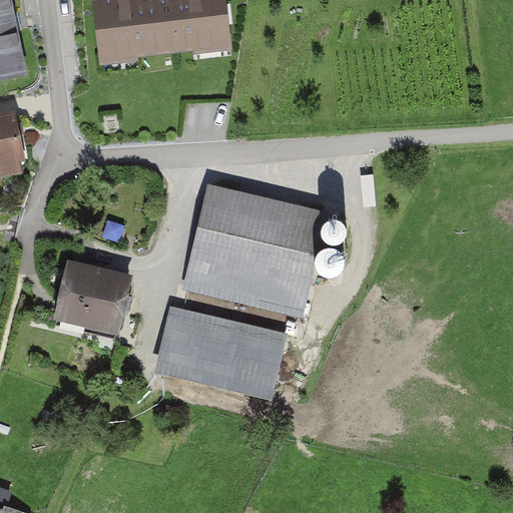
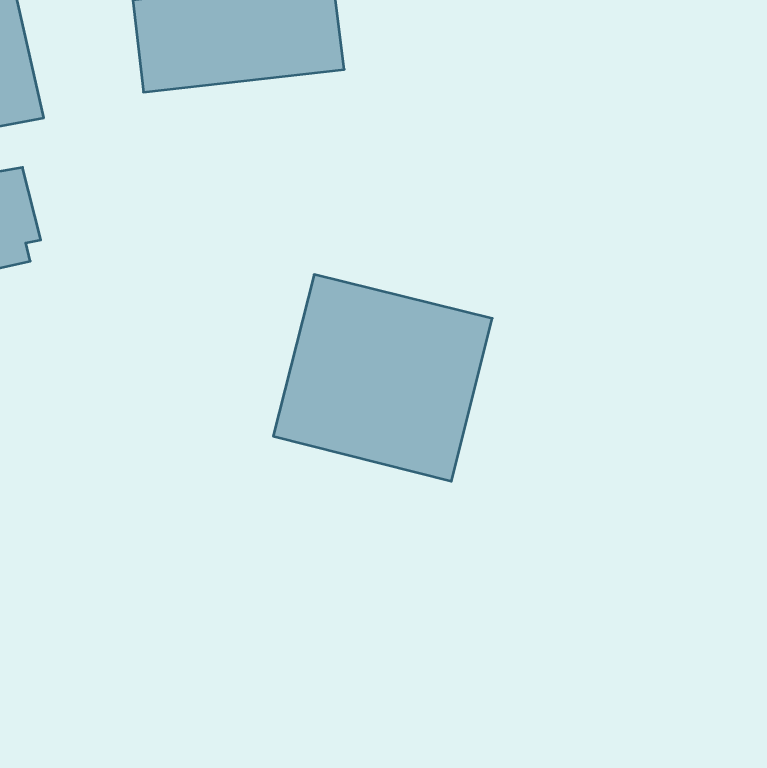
building: [52,258,133,336] -> none
building: [154,308,287,397] -> none

